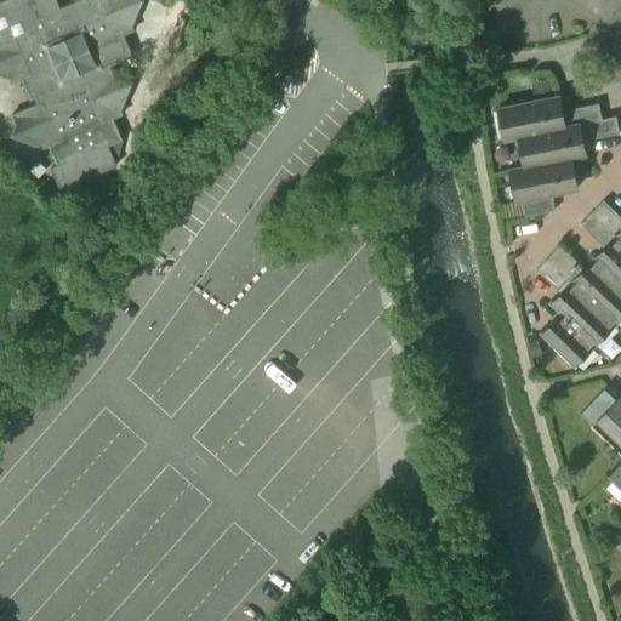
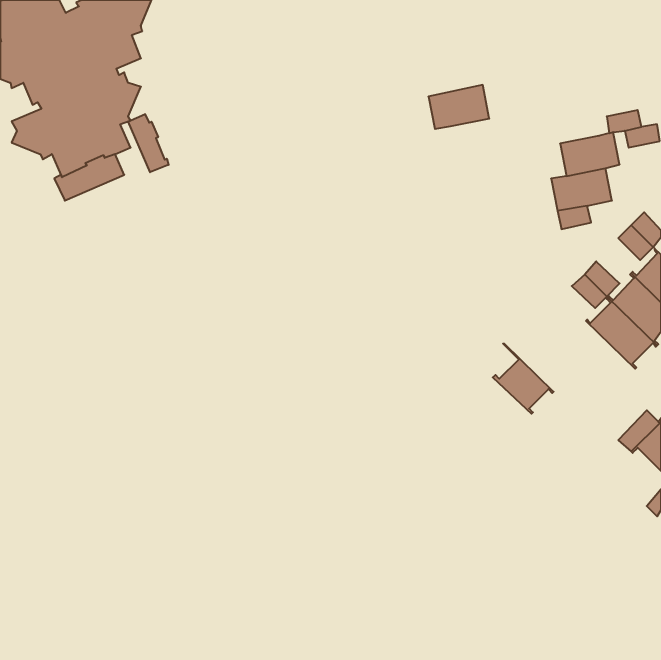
building: [505,97,562,138] -> [428,85,489,129]
building: none -> [128,114,169,172]
building: [539,302,596,368] -> [493,344,554,414]

